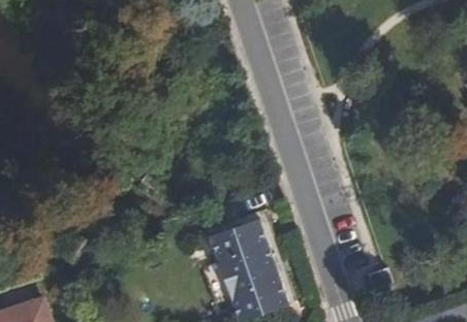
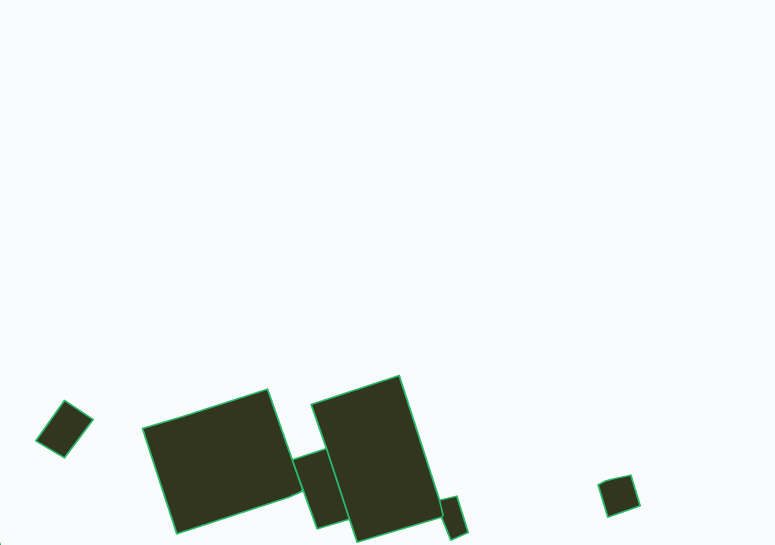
building: none -> [143,389,302,534]

